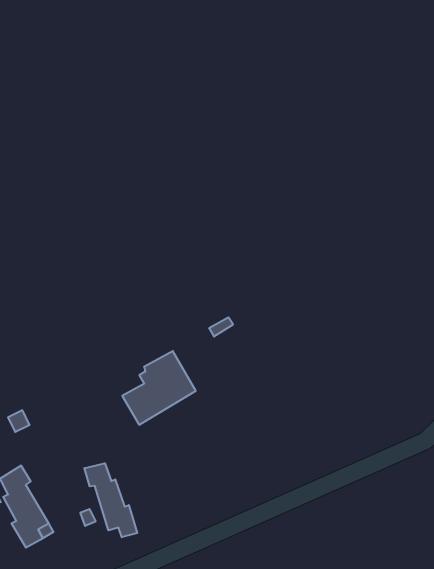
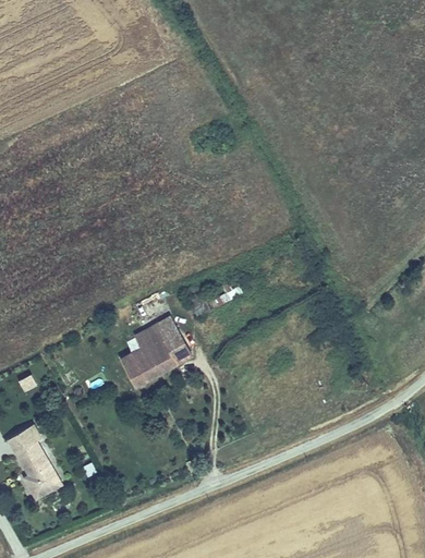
building: [84,463,137,537] -> none

